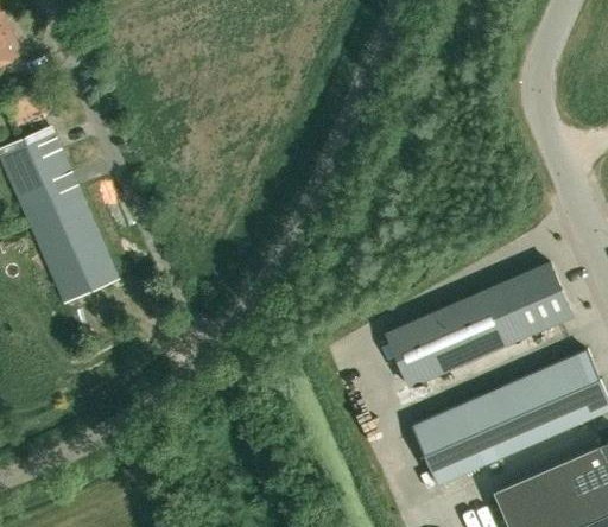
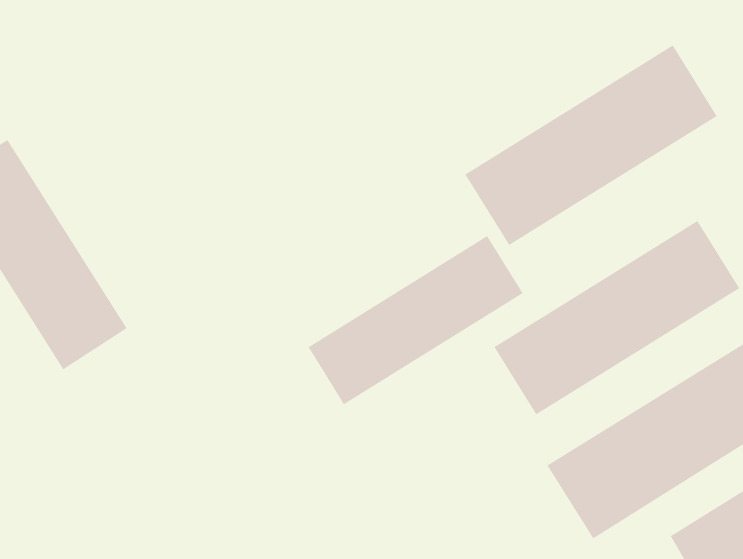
building: none -> [465,45,717,246]
building: none -> [308,235,523,405]

